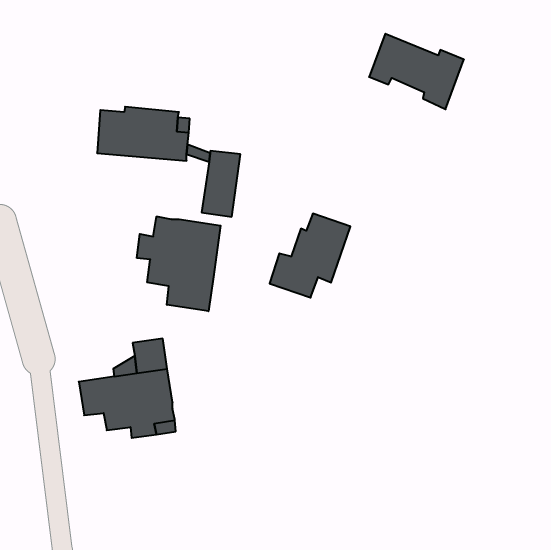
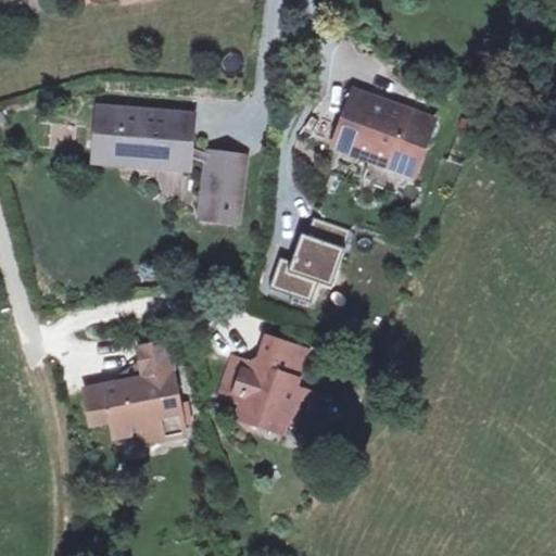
building: [369,34,464,109] -> [336,94,431,170]
building: [137,217,221,311] -> none
building: none -> [223,338,319,428]

